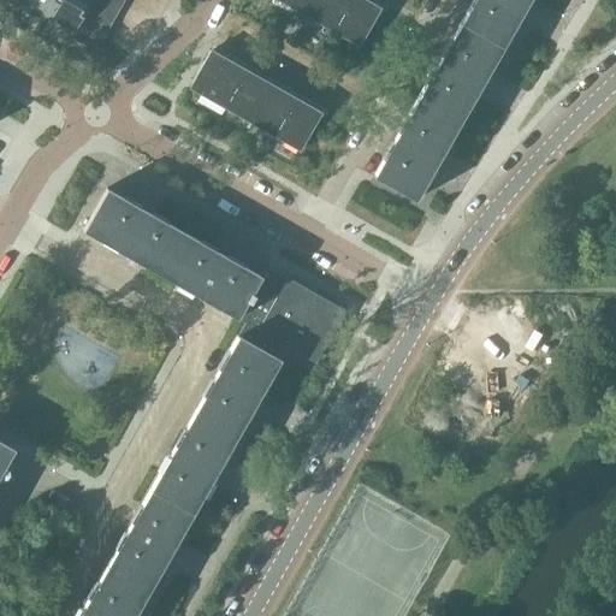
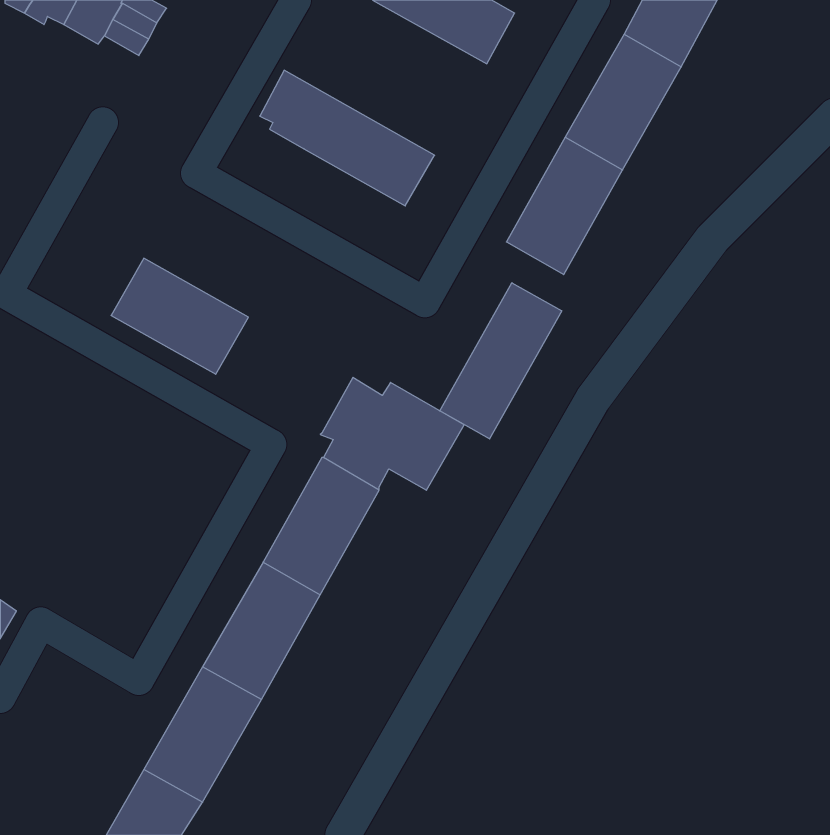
building: none -> [440,283,562,439]
building: [162,233,263,319] -> none

